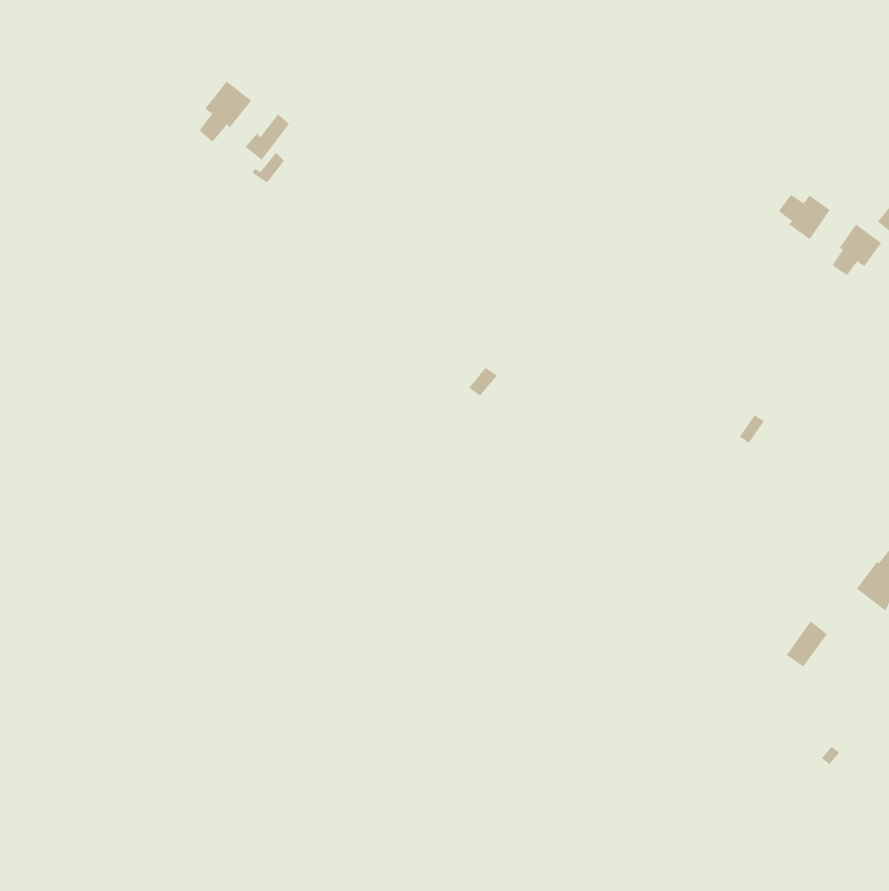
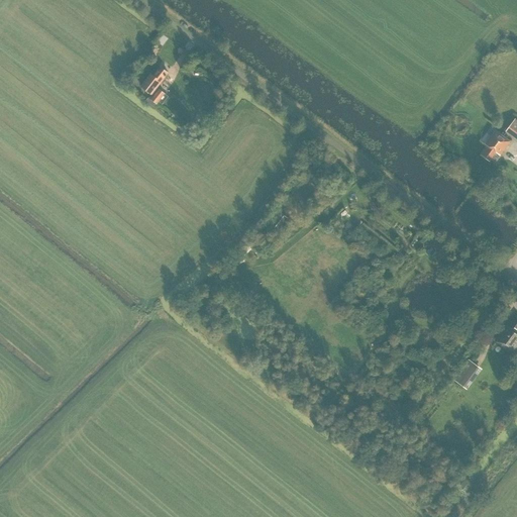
building: [198,81,252,143] -> none
building: [778,194,831,240] -> none

